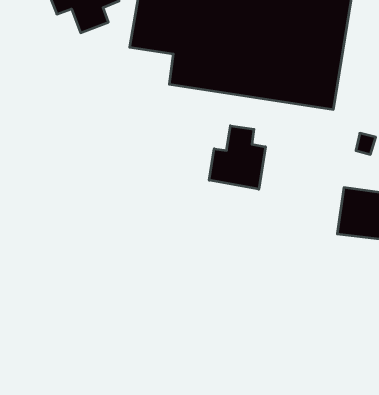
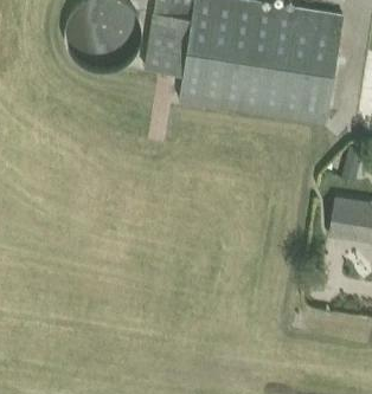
building: [209,126,265,189] -> none

